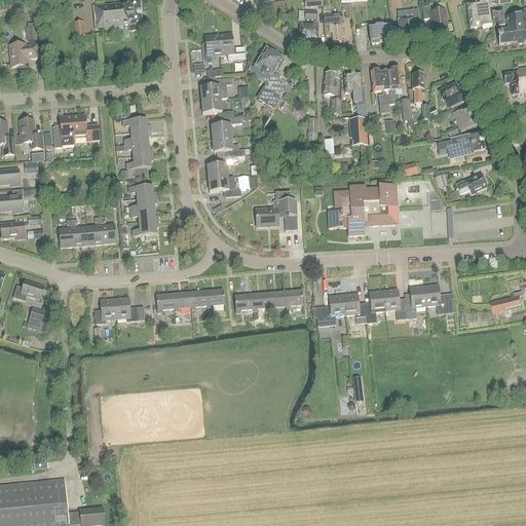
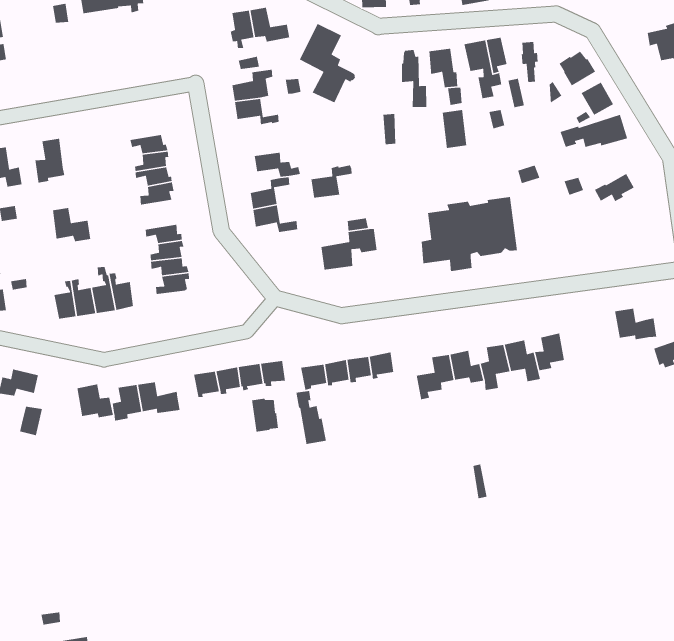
building: [72,114,99,140] -> [52,207,91,242]
building: [211,116,241,139] -> [310,164,353,199]
building: [423,284,453,307] -> [614,308,657,340]
building: none -> [76,384,114,418]
building: none -> [295,390,327,445]
building: none -> [251,398,279,433]

